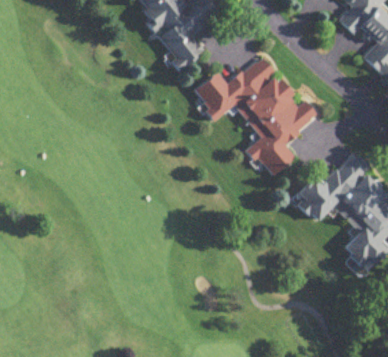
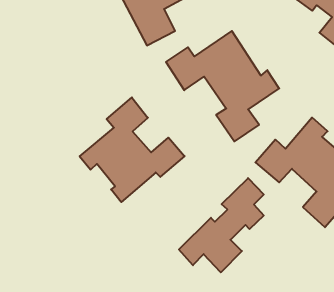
building: none -> [80,97,185,202]
building: none -> [179,178,264,272]

